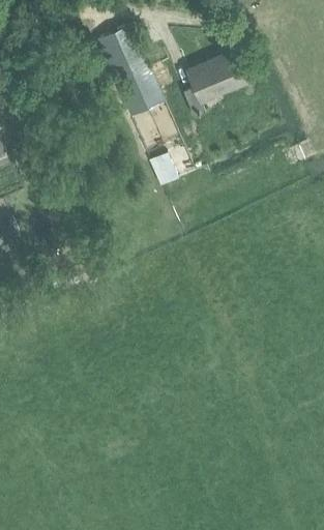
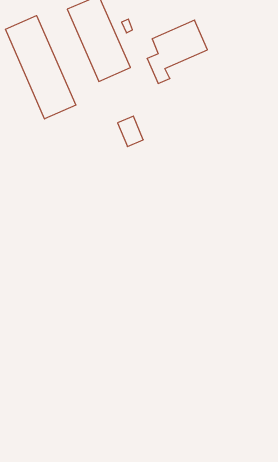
building: none -> [5,16,76,119]

